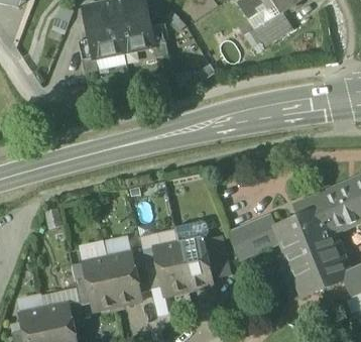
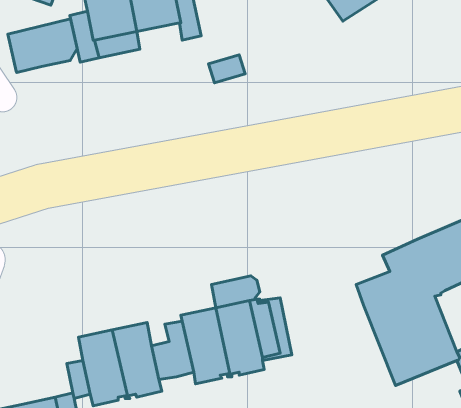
building: none -> [8,19,77,72]
building: [229,214,280,257] -> none

